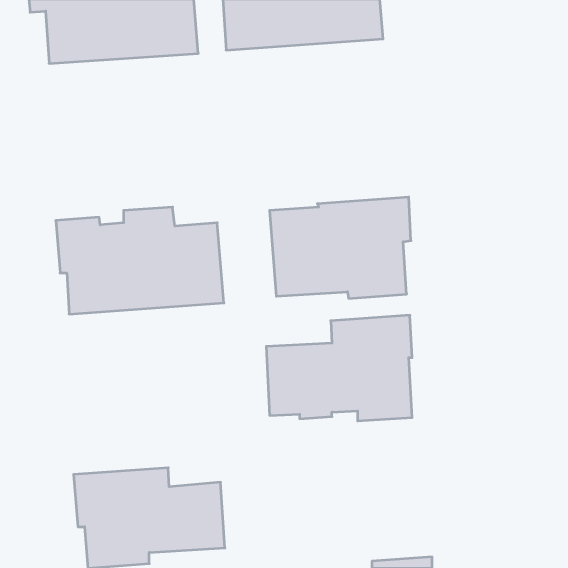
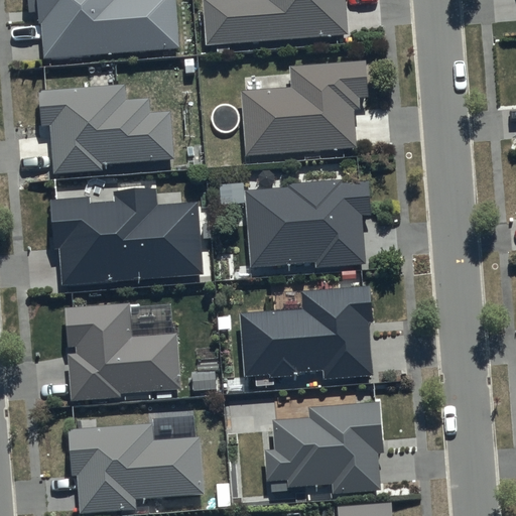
building: none -> [240,61,367,156]
building: none -> [37,85,174,175]
building: none -> [62,303,181,401]
building: none -> [264,402,384,497]

